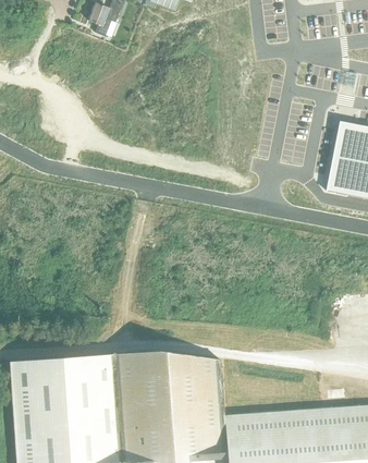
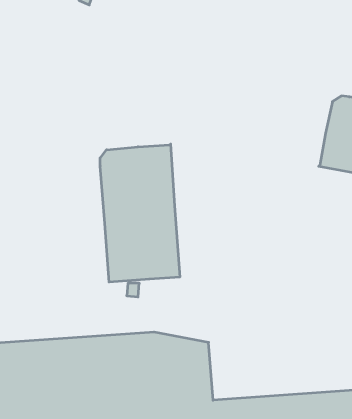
building: none -> [100,144,180,282]

